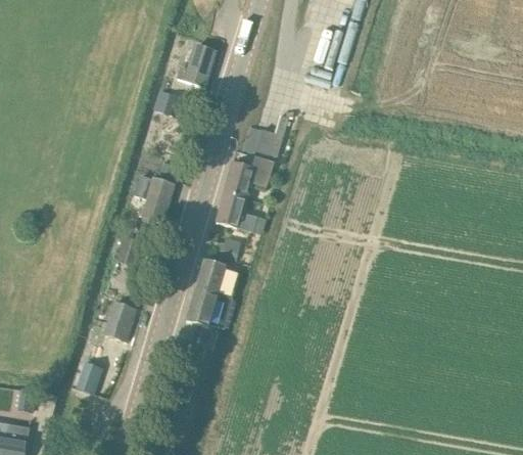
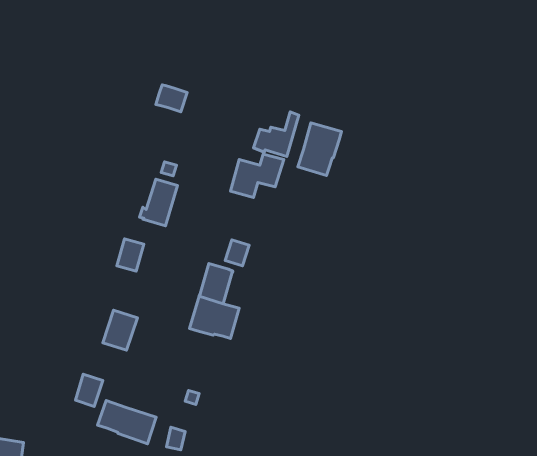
building: [176,45,216,87] -> none
building: none -> [298,123,342,176]
building: [216,190,256,231] -> none
building: none -> [98,400,156,444]

